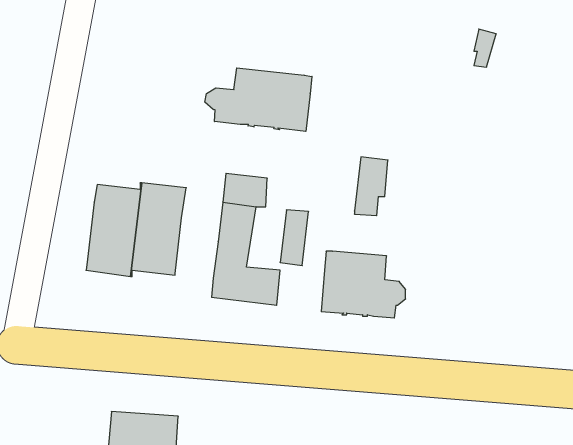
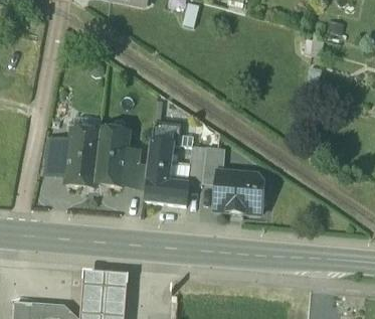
building: [205,68,312,131] -> none
building: [354,157,388,216] -> [202,145,223,182]
building: none -> [42,136,70,175]
building: none -> [122,149,149,187]

